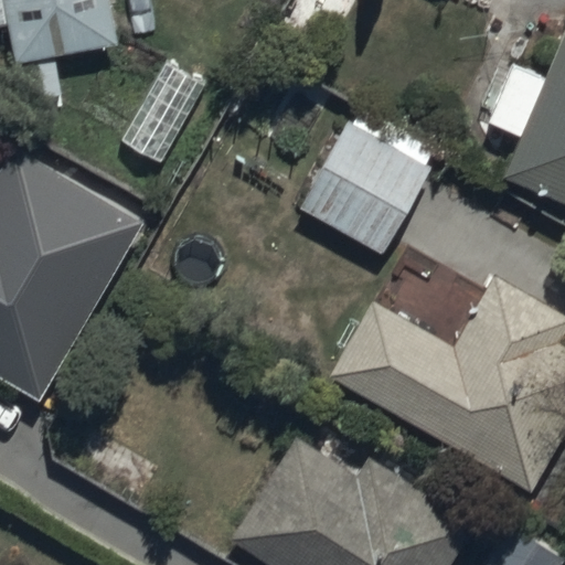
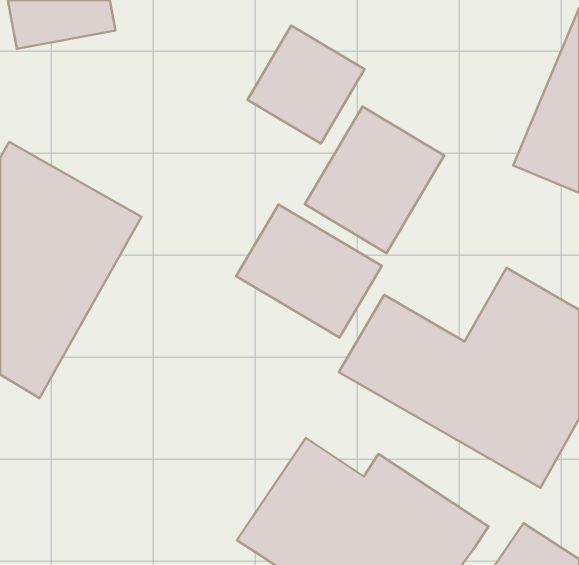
building: none -> [247,26,364,143]
building: none -> [236,204,382,338]

